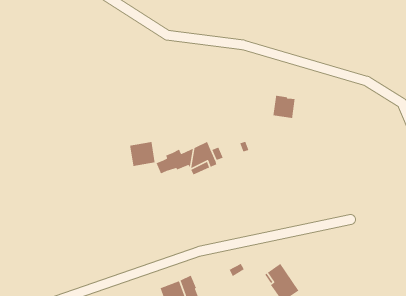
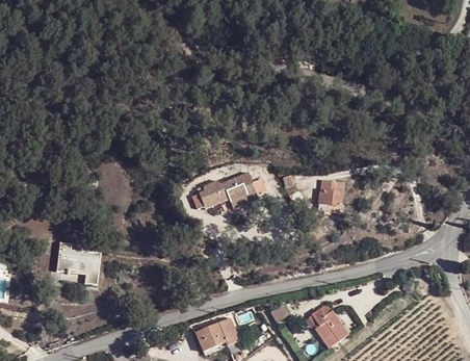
building: [273,95,296,119] -> [318,180,343,206]
building: [129,141,156,167] -> none
building: none -> [56,242,100,285]

